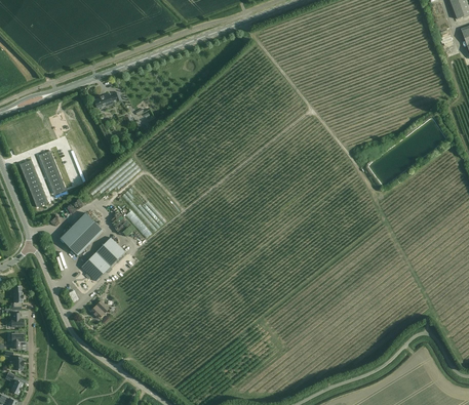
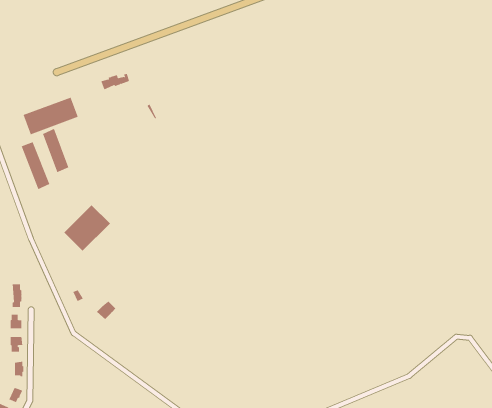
building: none -> [23,97,78,135]
building: [81,238,124,281] -> none

